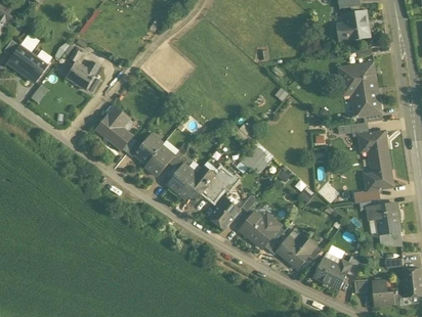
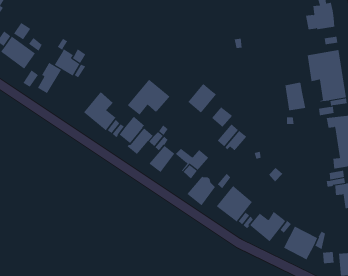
building: none -> [37,62,62,94]
building: none -> [127,79,170,116]
building: none -> [285,82,306,111]
building: none -> [187,83,217,114]
building: [180,174,208,205] -> none

